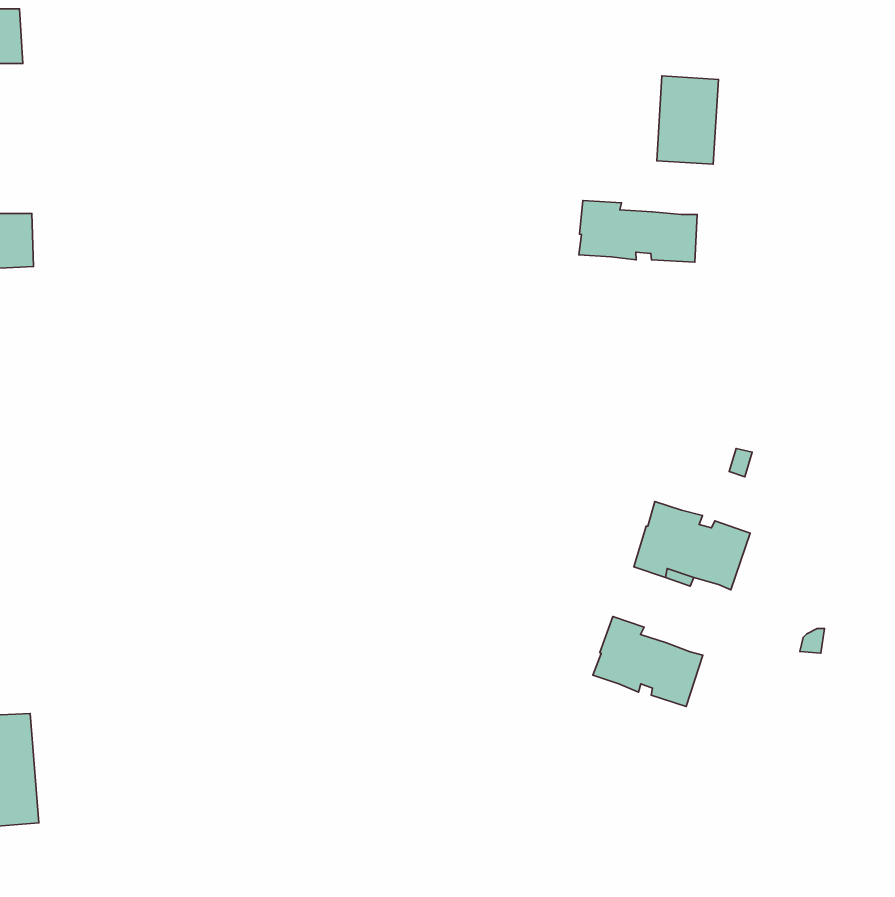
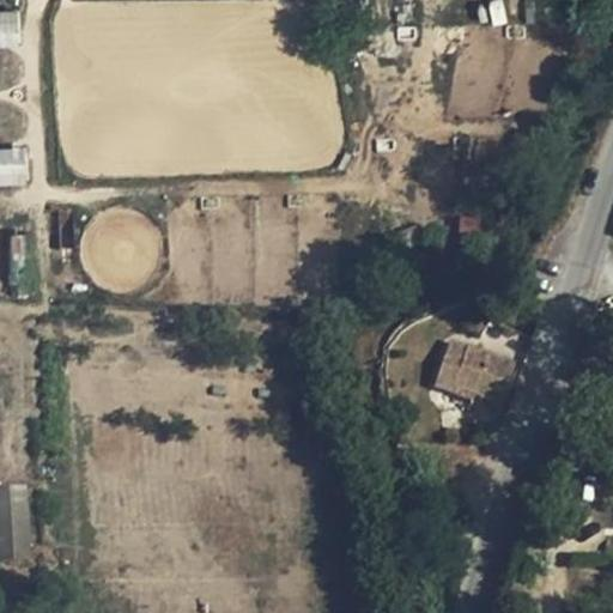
building: [579,200,697,262] -> none
building: [593,617,703,706] -> none

